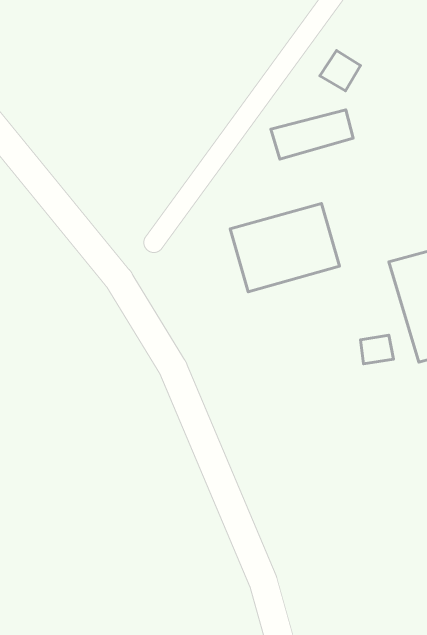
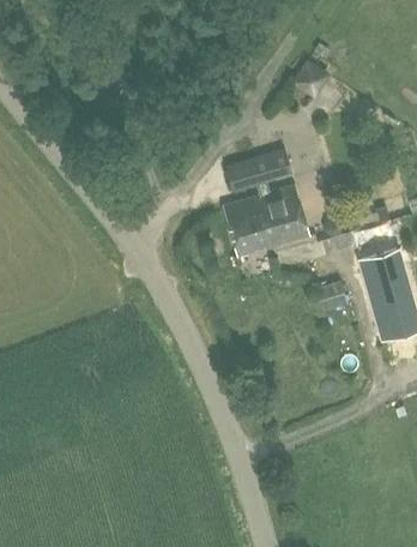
building: [271,110,353,159] -> [225,152,291,192]

